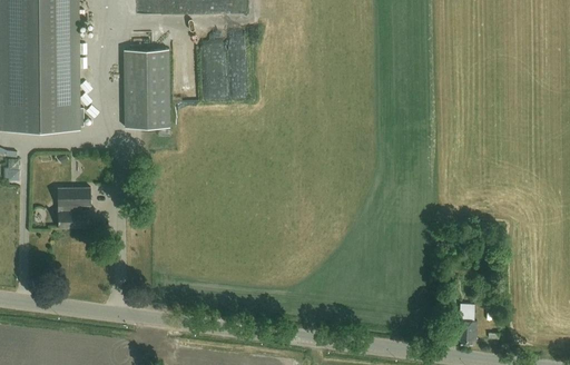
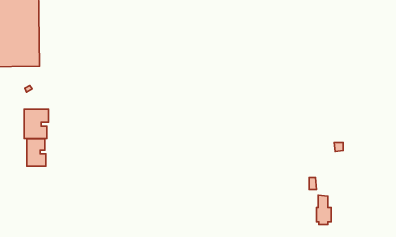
building: [122,50,168,128] -> none
building: none -> [27,139,46,166]

